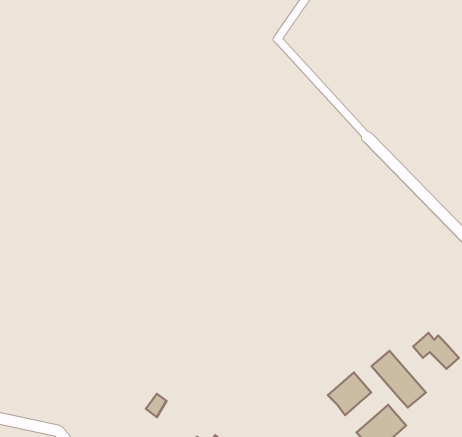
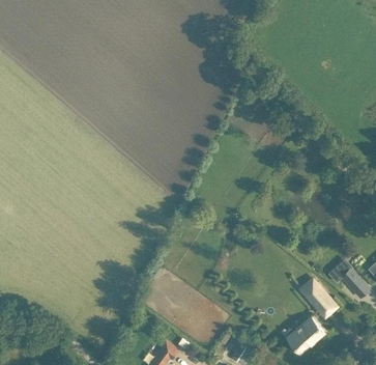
building: [328,373,371,415] -> none

